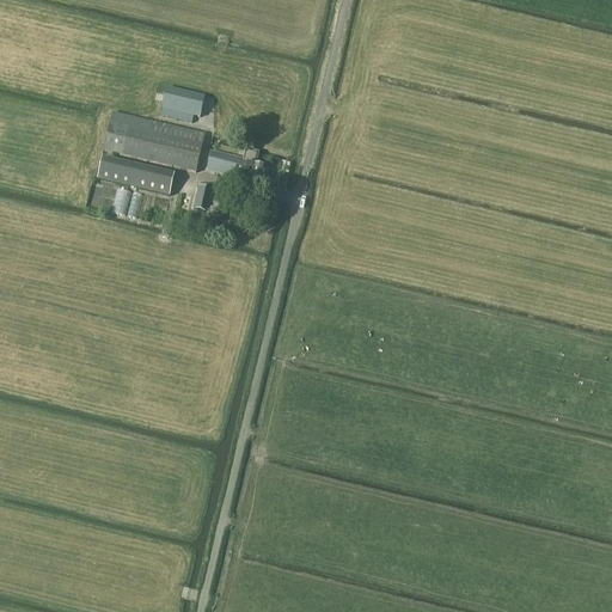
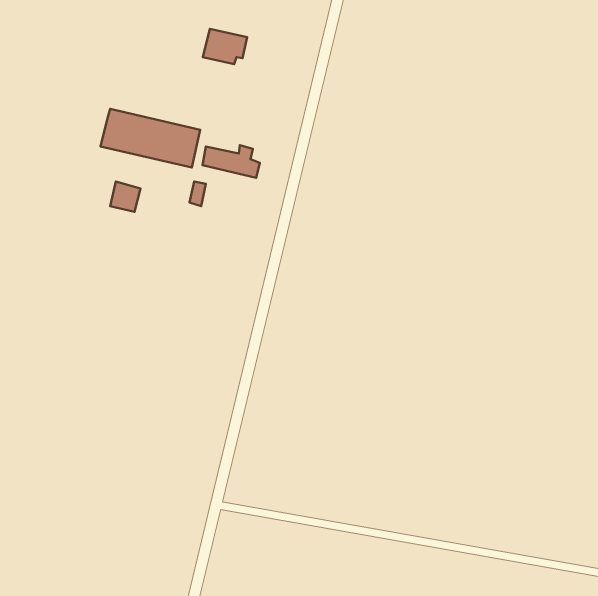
building: [159,86,204,122] -> [203,29,247,64]
building: [99,161,173,194] -> none

